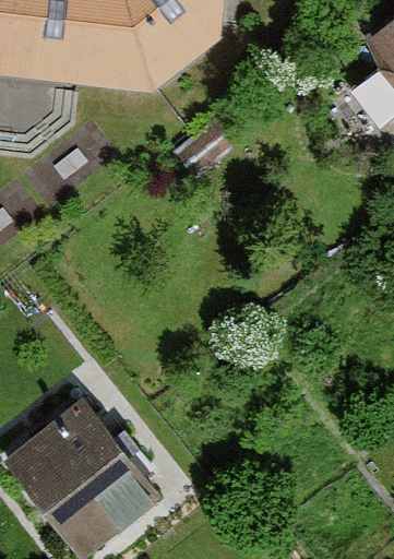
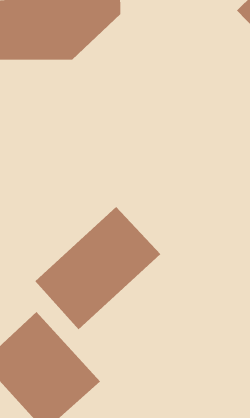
building: none -> [34,206,161,330]

